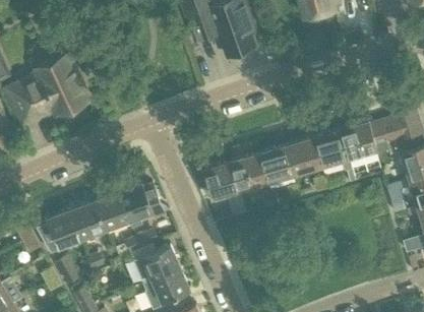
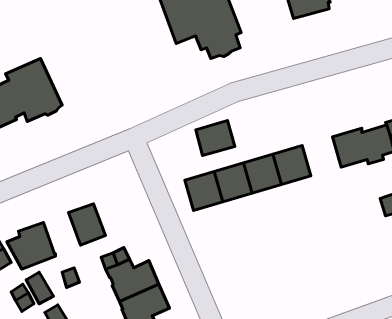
building: none -> [196,120,235,155]
building: [313,131,353,174] -> none
building: [118,185,164,230] -> none
building: [71,202,106,241] -> none

